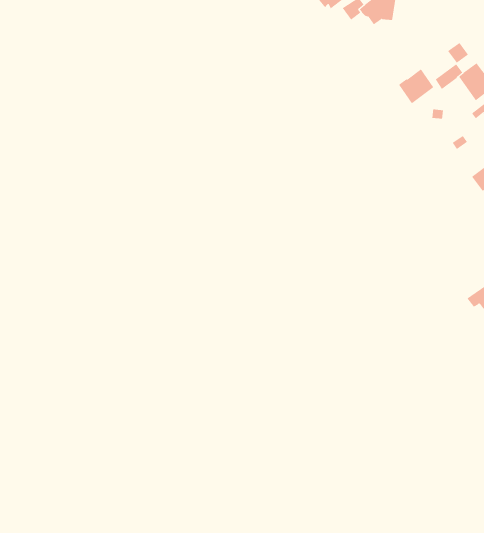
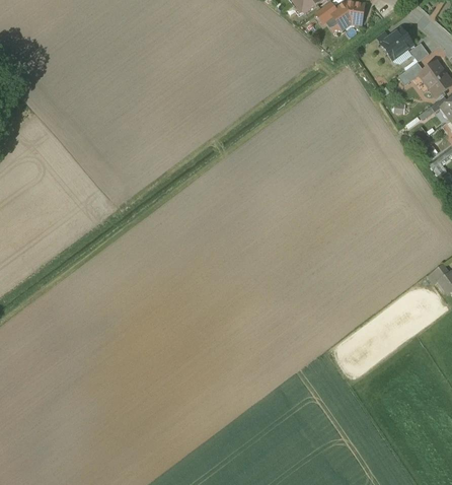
building: [398,68,434,104] -> [380,27,412,60]

